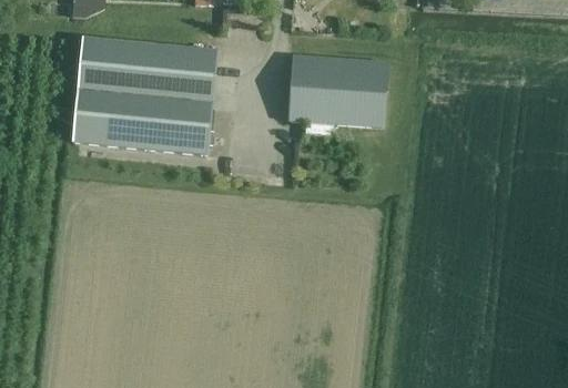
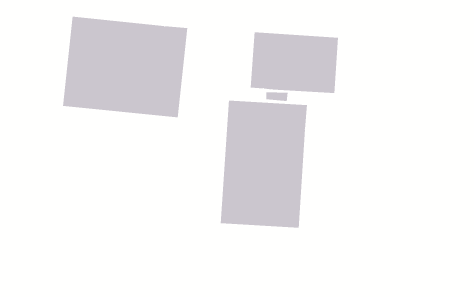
building: none -> [220,100,308,229]

